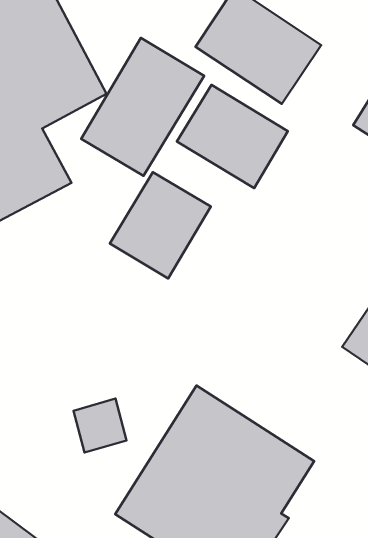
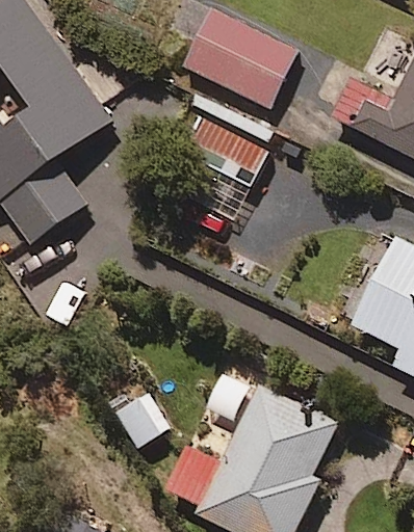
building: [81,38,204,176] -> none
building: [110,172,211,279] -> none

